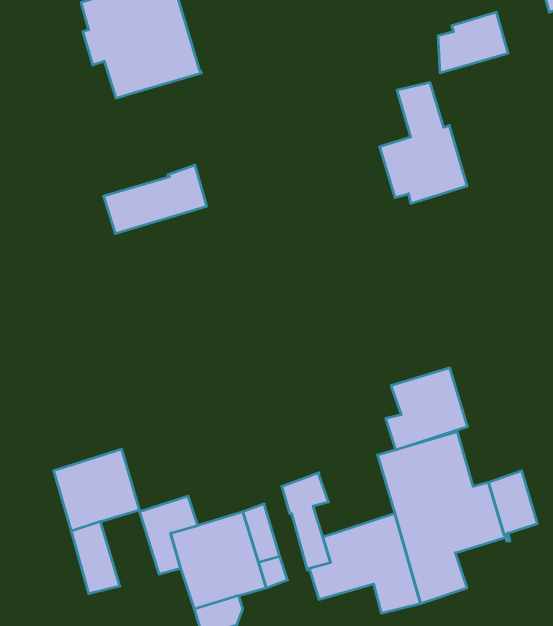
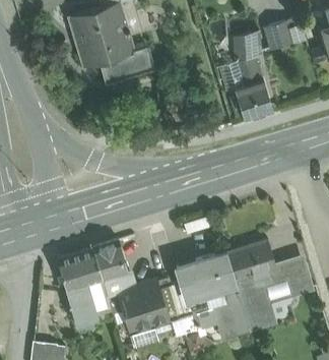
building: none -> [235,34,258,62]
building: [103,165,207,233] -> [100,47,153,82]
building: [386,368,468,450] -> [192,252,235,295]
building: none -> [92,242,127,282]

